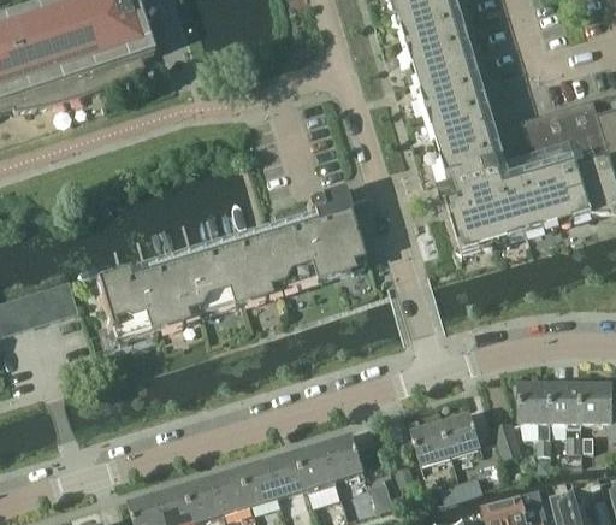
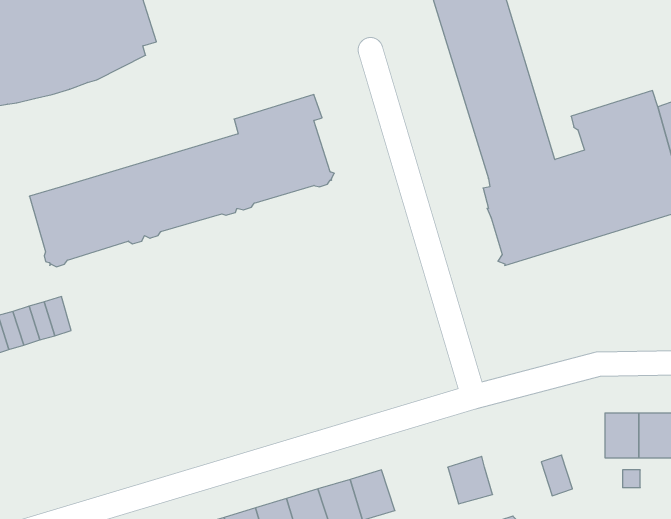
building: [95,188,366,341] -> [29,95,334,267]
building: [519,383,550,453] -> none
building: [440,413,480,455] -> none

